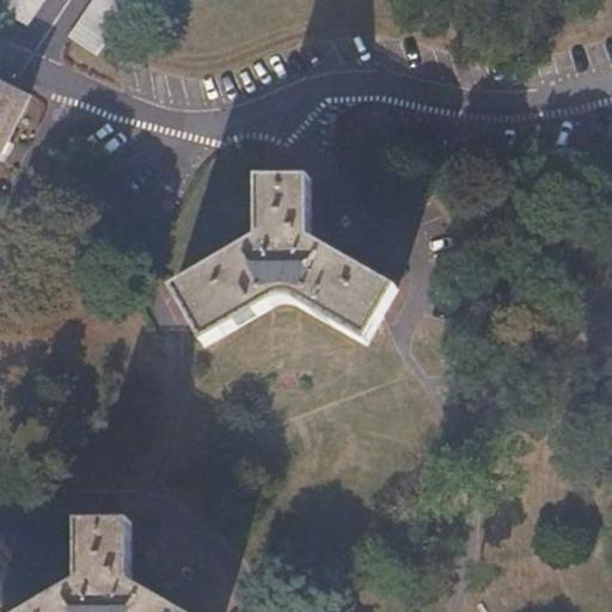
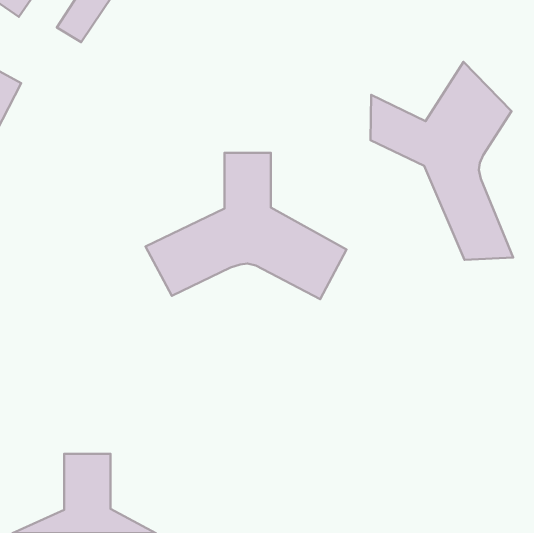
building: none -> [371,62,513,260]

